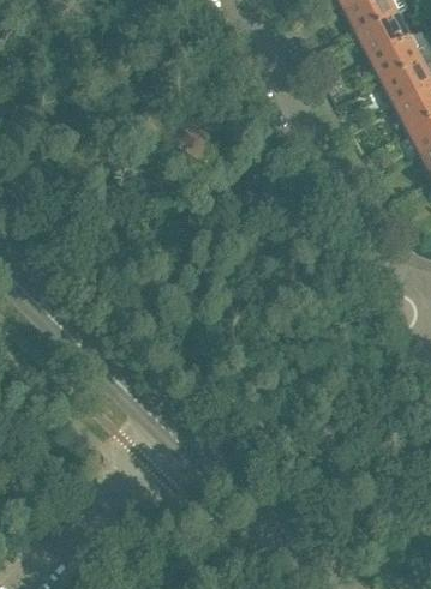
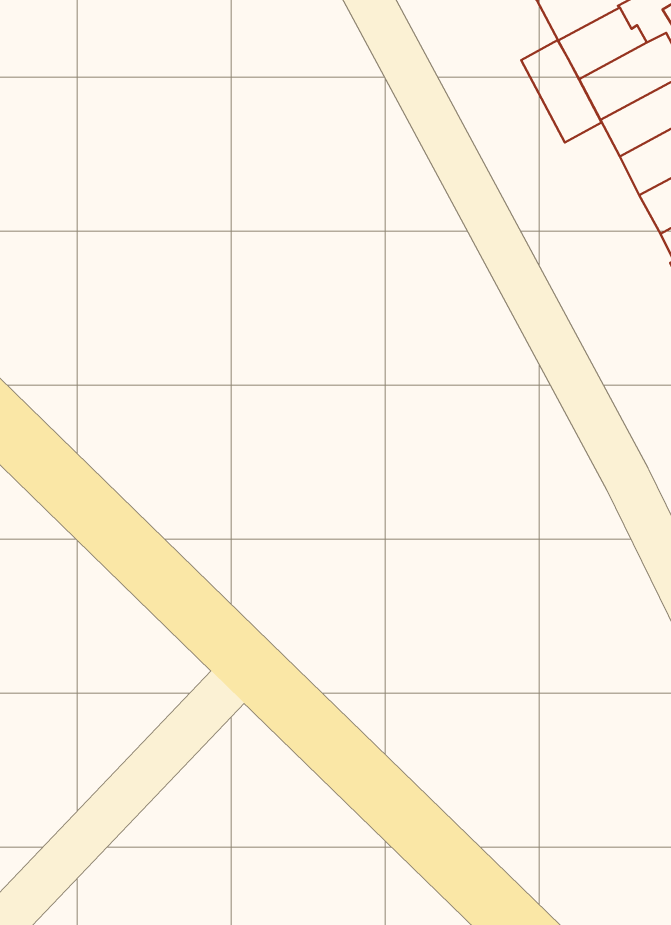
building: none -> [521,40,601,142]

